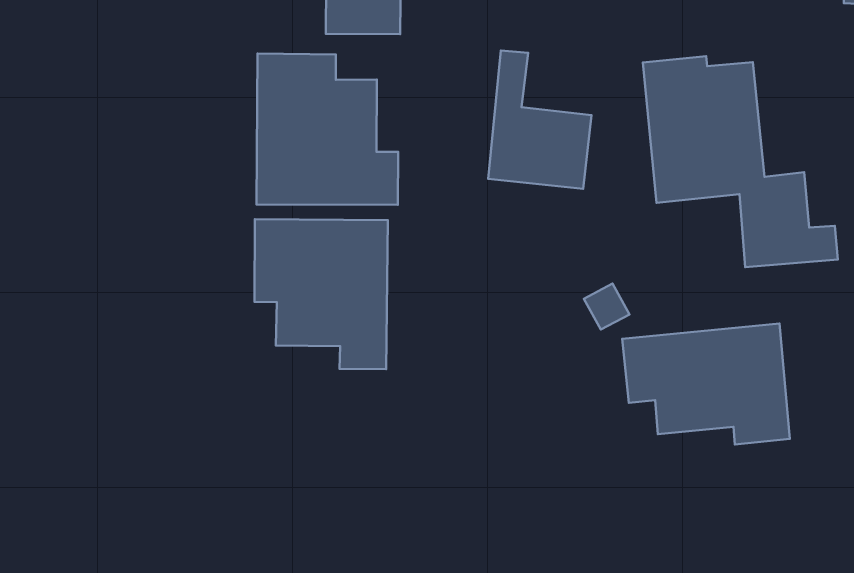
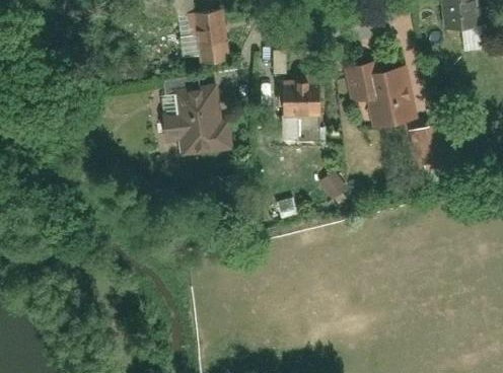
building: [254,219,388,369] -> none
building: [622,324,790,444] -> none

